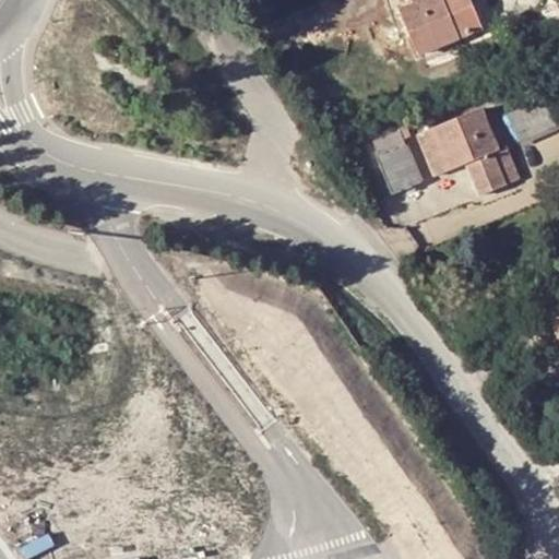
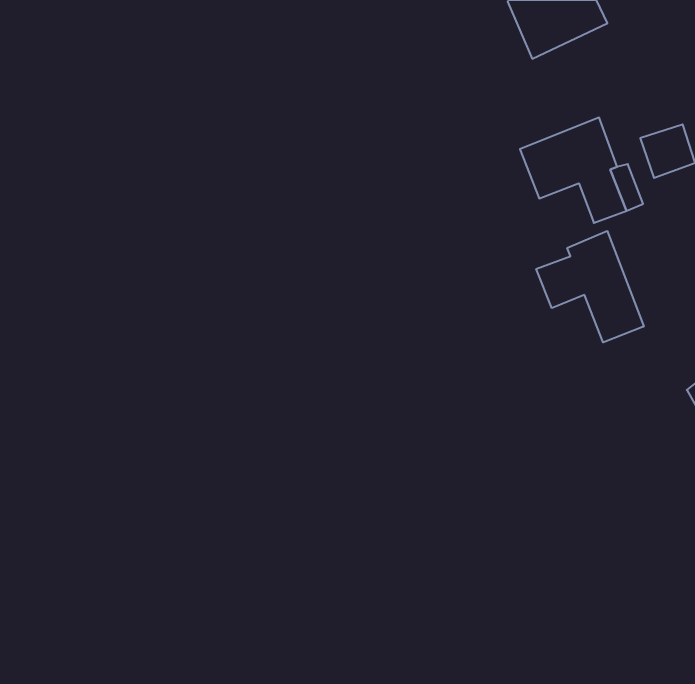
building: [376,128,419,190] -> none
building: none -> [536,231,644,342]

